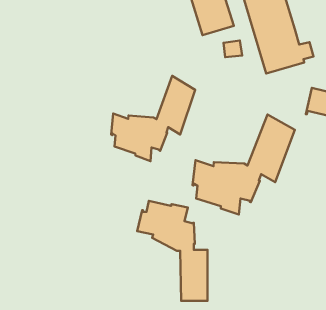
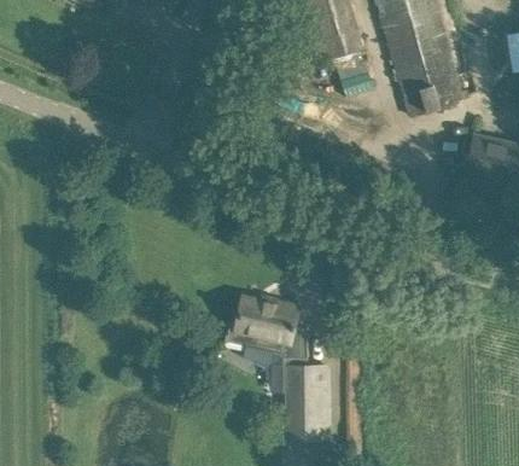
building: [111,76,195,161] -> none
building: [193,115,295,214] -> none

